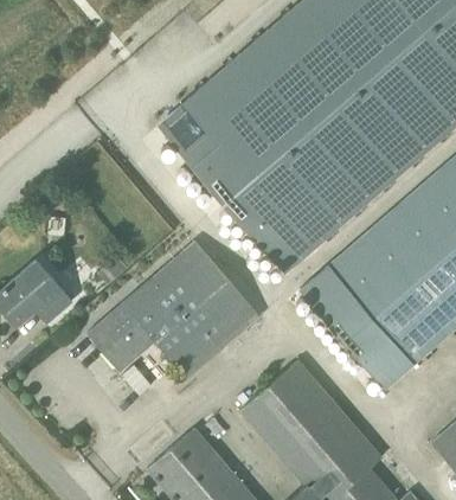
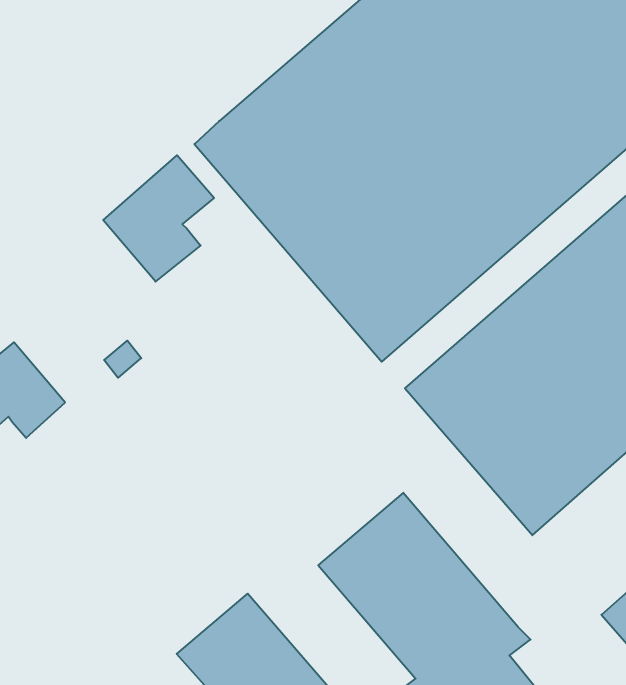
building: none -> [103,155,214,282]
building: [88,241,259,378] -> none

